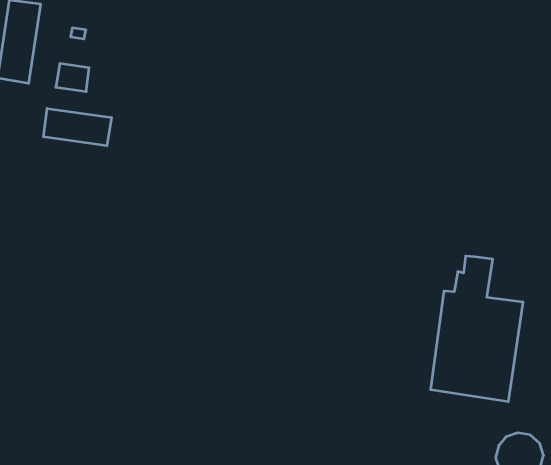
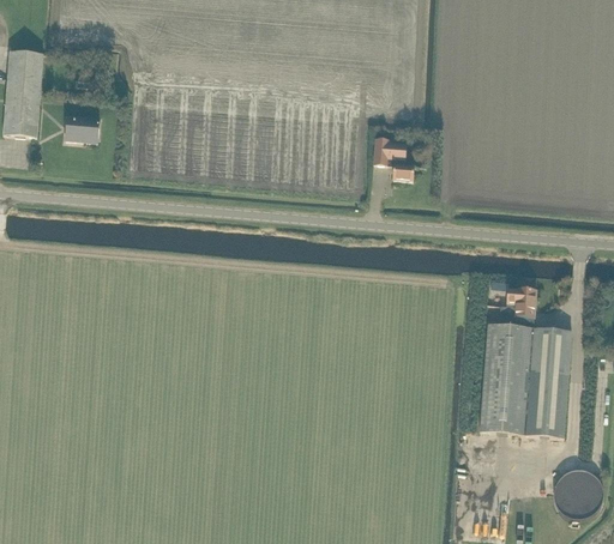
building: none -> [373,138,414,180]
building: [44,108,111,146] -> none

